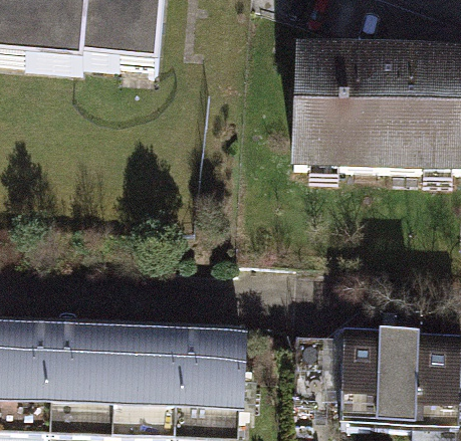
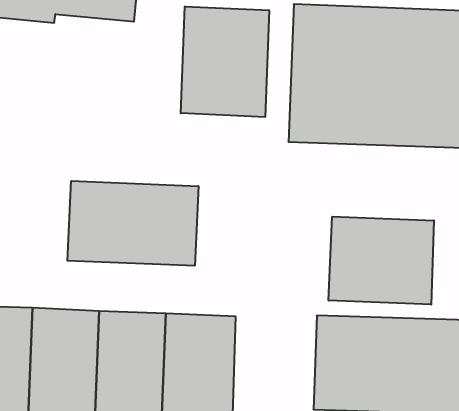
building: none -> [181,6,269,117]
building: none -> [67,181,198,266]
building: none -> [329,217,434,305]

